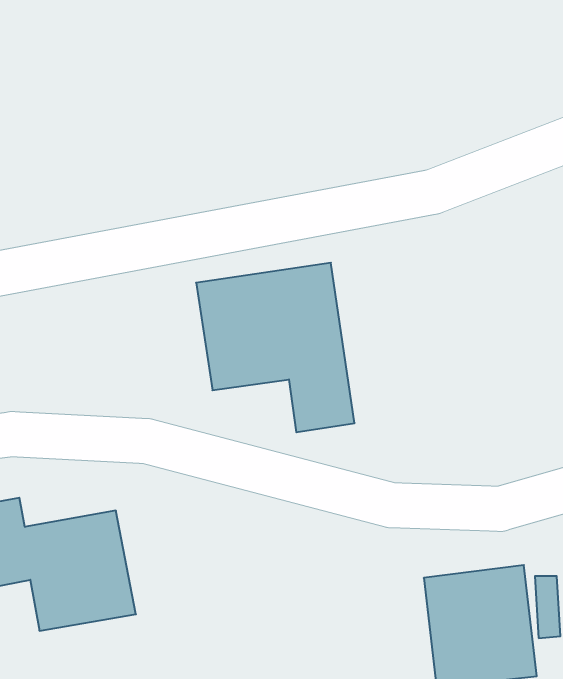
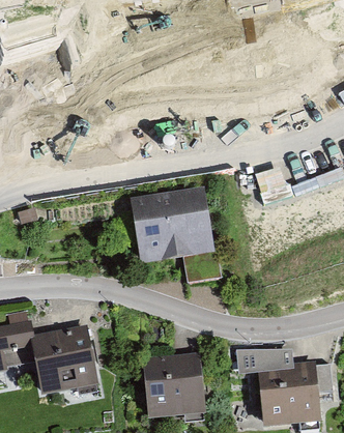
building: none -> [140,354,204,417]

